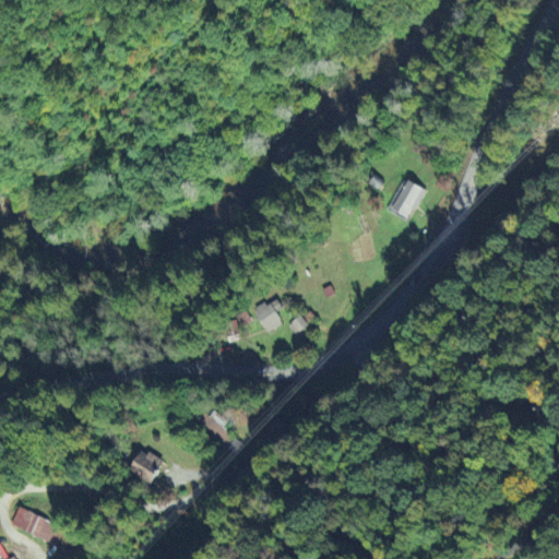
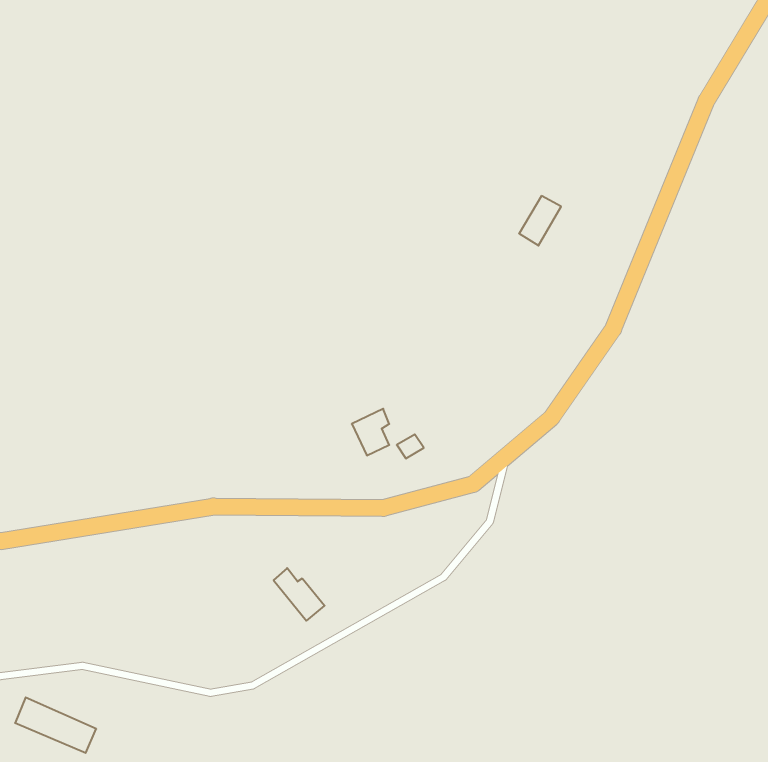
building: [391,176,421,212] -> [519,196,561,246]
building: [129,449,163,483] -> none

